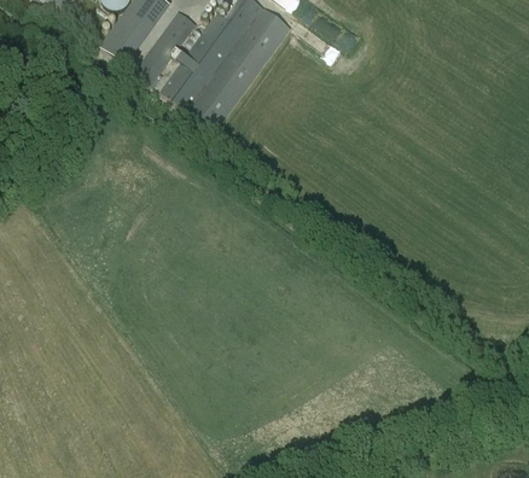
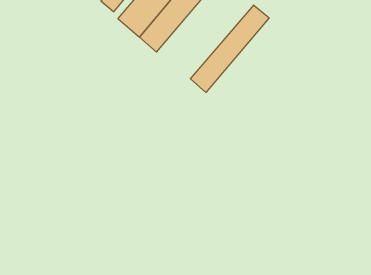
building: none -> [190,5,269,92]

